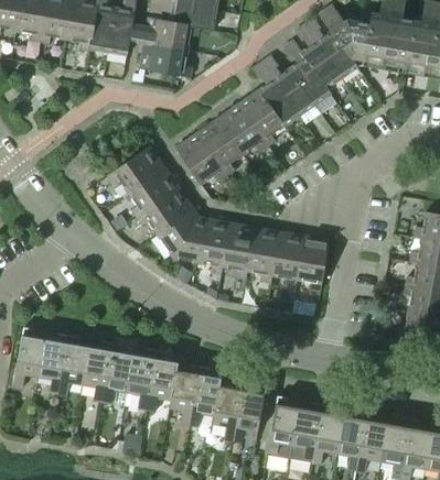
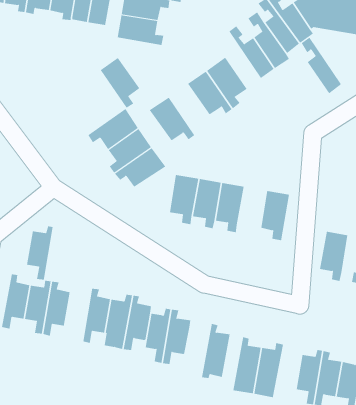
building: [253,63,298,126] -> [301,37,342,94]
building: [197,120,242,176] -> [100,57,140,108]
building: [159,210,204,261] -> none
building: [272,232,304,287] -> [319,231,348,281]
building: [83,342,112,402] -> [26,226,53,280]
building: [213,381,244,441] -> none
building: [312,405,343,466] -> none

